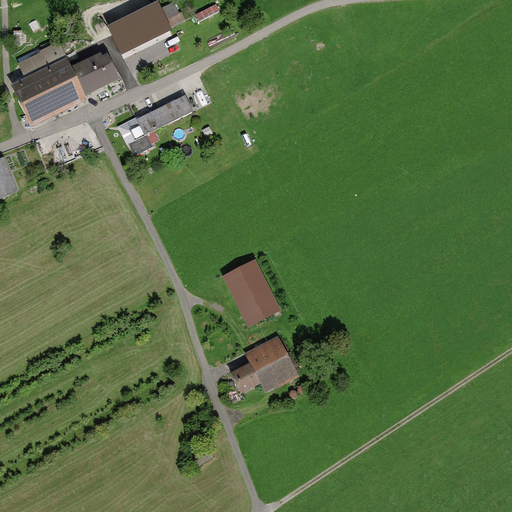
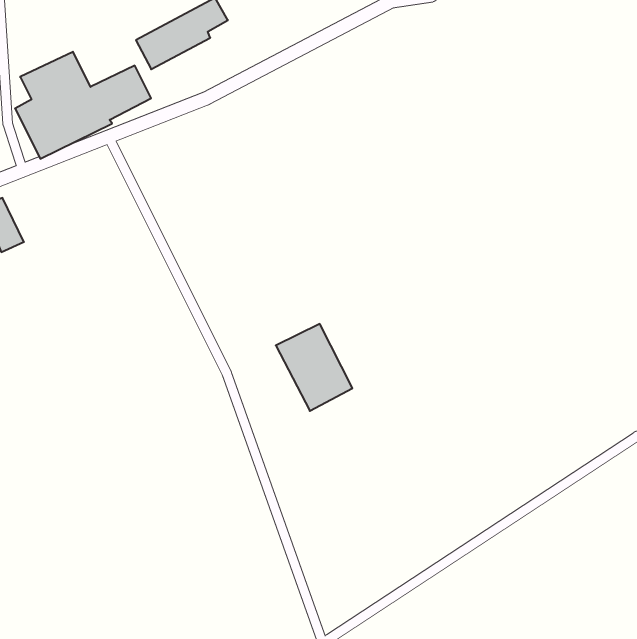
building: [123,95,190,155] -> none
building: [231,334,297,392] -> none

